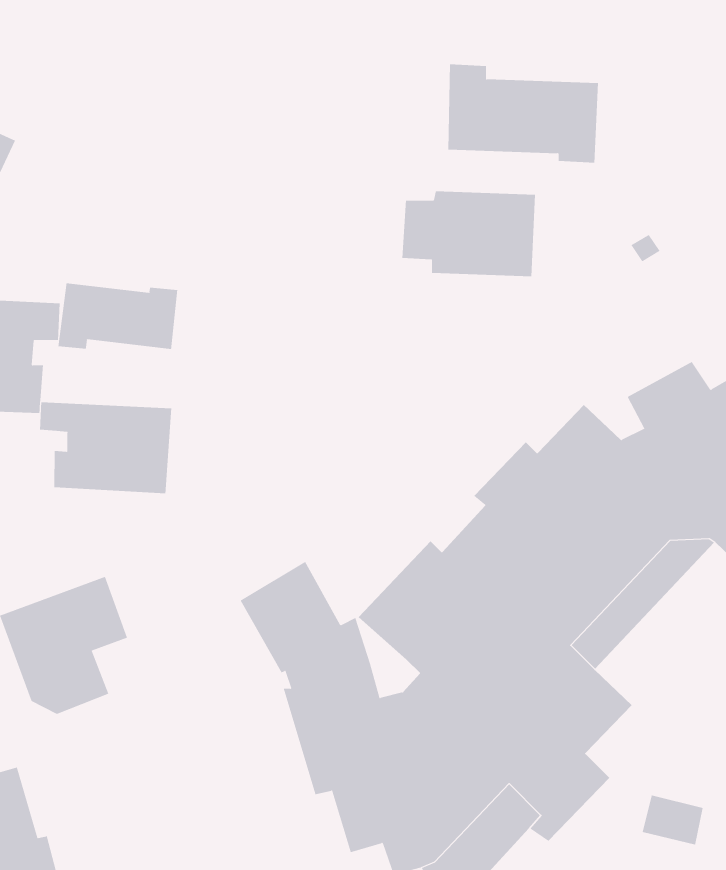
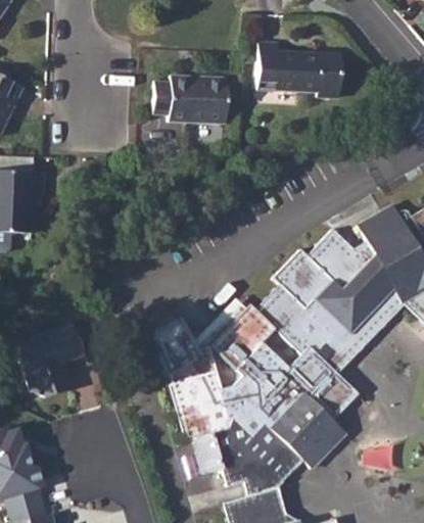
building: [401,191,536,277] -> [153,77,227,124]
building: [58,283,178,350] -> none
building: [40,401,172,494] -> none

